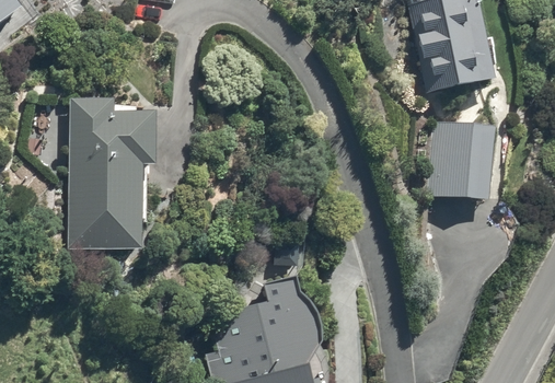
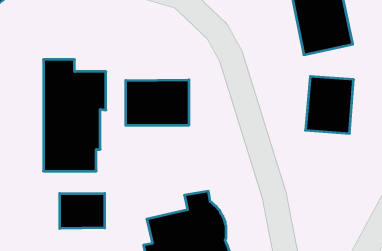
building: none -> [126,80,189,125]
building: none -> [60,193,105,229]

